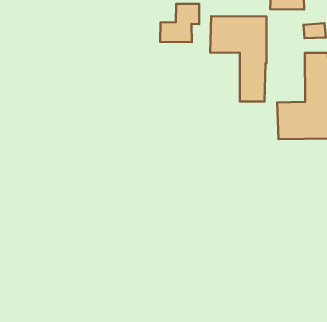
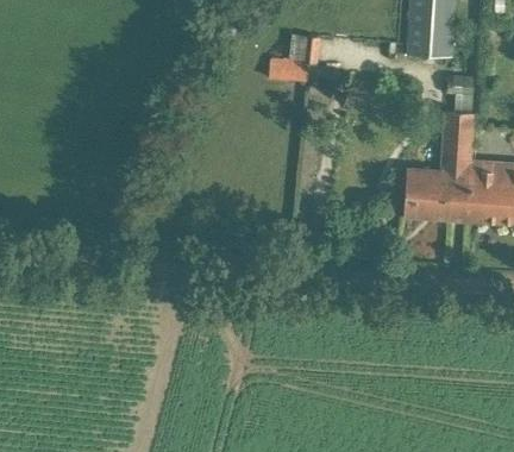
building: [210,16,267,101] -> none

